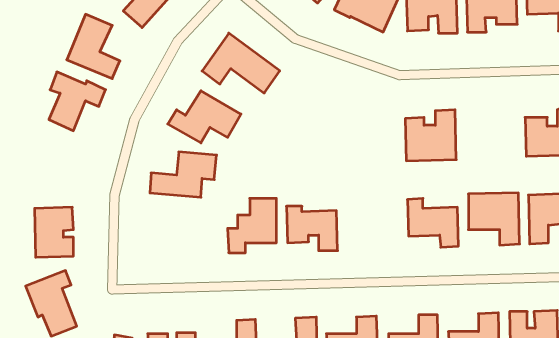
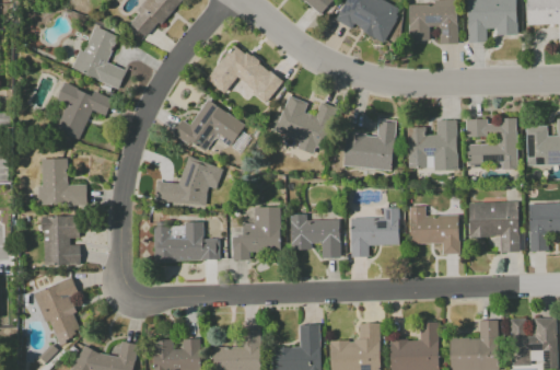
building: none -> [273,95,338,154]
building: none -> [343,118,397,171]
building: none -> [466,118,517,170]
building: none -> [37,159,86,206]
building: none -> [350,207,399,257]
building: none -> [153,223,220,262]

